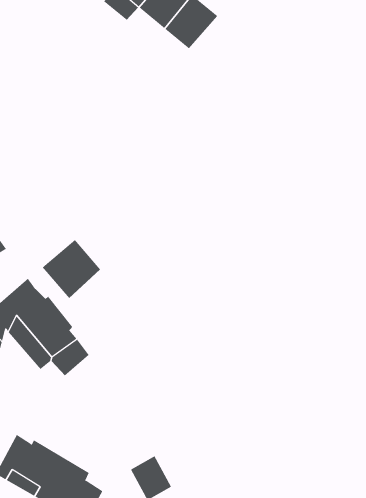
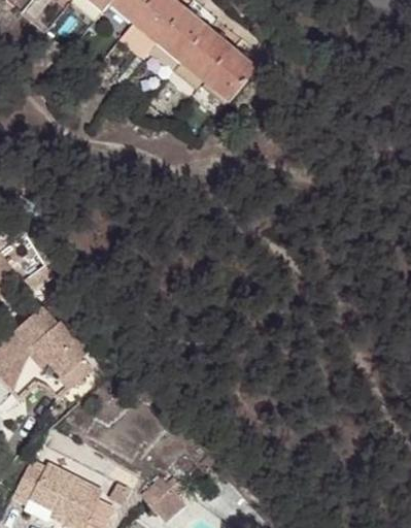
building: none -> [202,52,254,104]
building: [42,239,101,299] -> none

